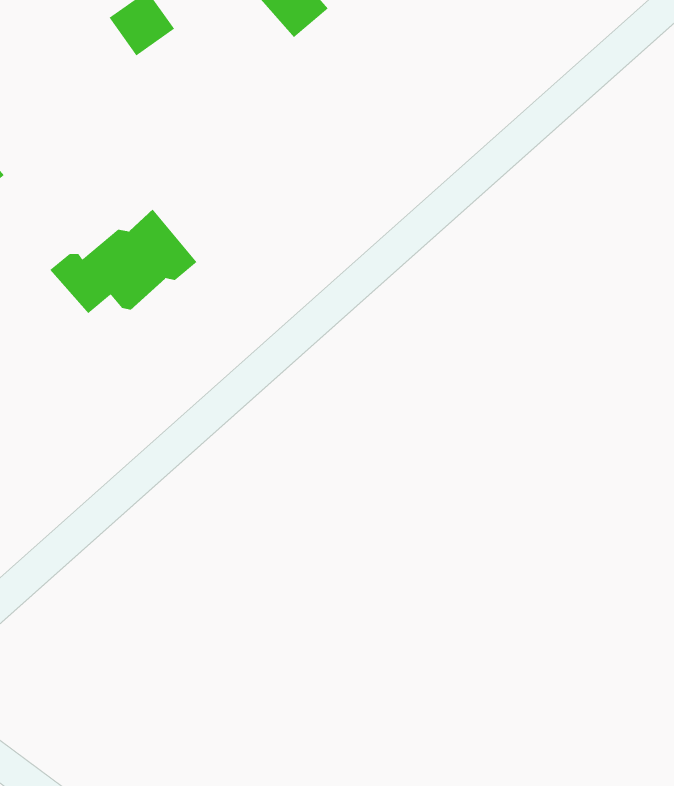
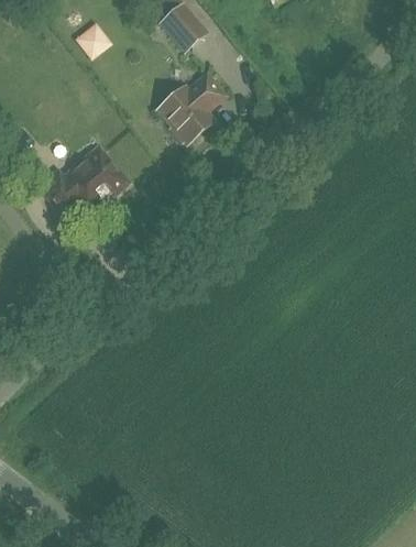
building: none -> [158,73,225,141]

